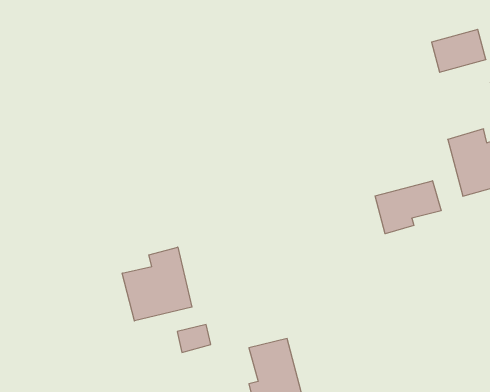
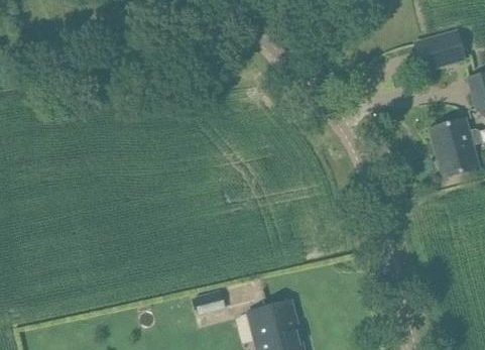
building: [375,181,441,234] -> none
building: [122,247,192,321] -> none

